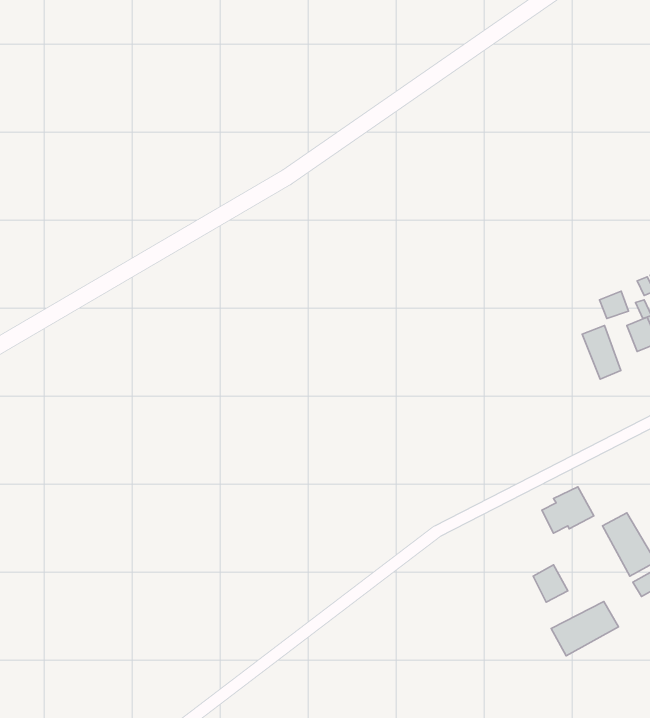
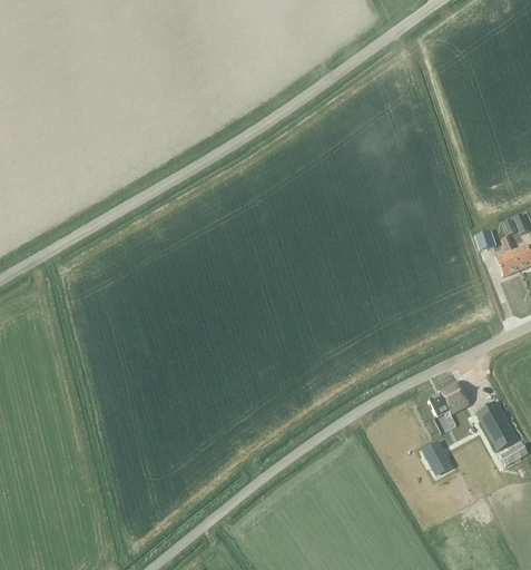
building: [582,326,621,379] -> none
building: [551,601,618,656] -> none

